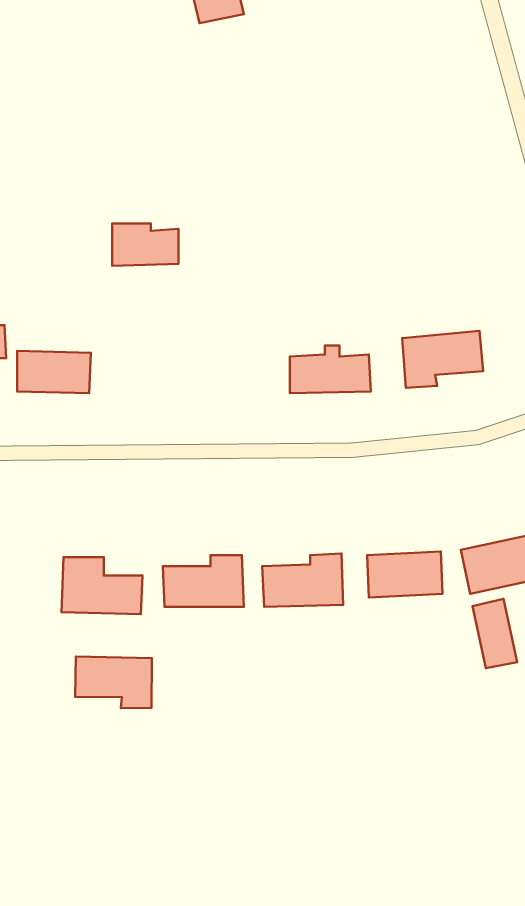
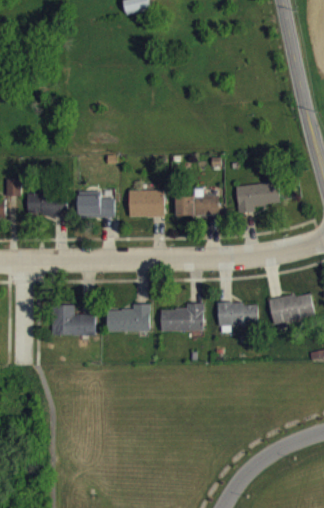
building: [112,223,178,266] -> [78,195,114,218]
building: none -> [128,191,164,217]
building: [473,599,517,668] -> none
building: [75,657,152,708] -> none

